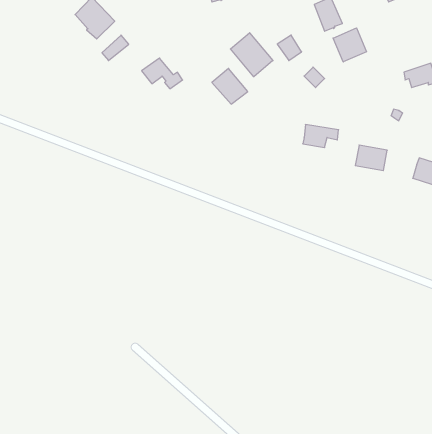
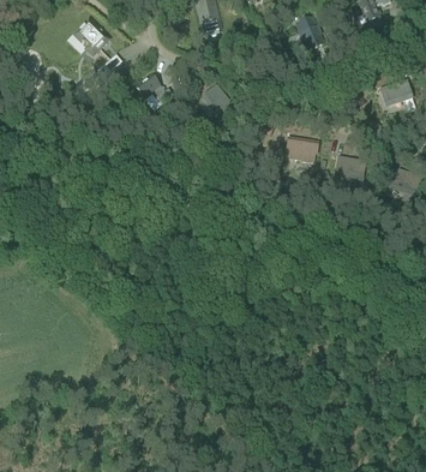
building: [333,28,367,62] -> none
building: [230,33,273,77] -> none

